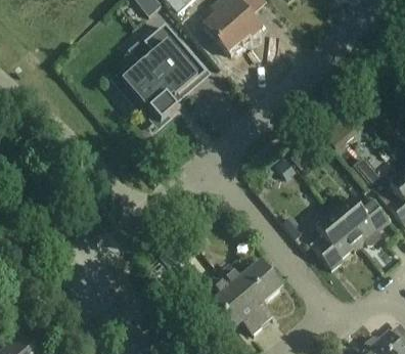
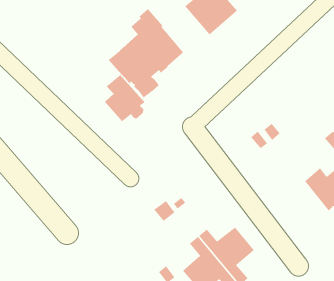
building: none -> [104,74,146,122]
building: [313,213,361,269] -> none

